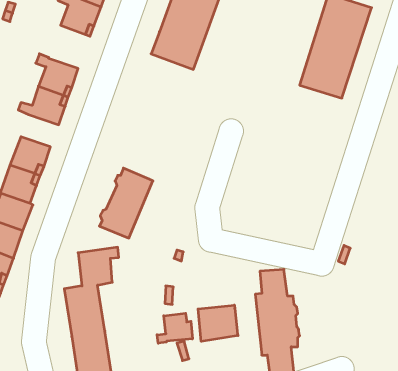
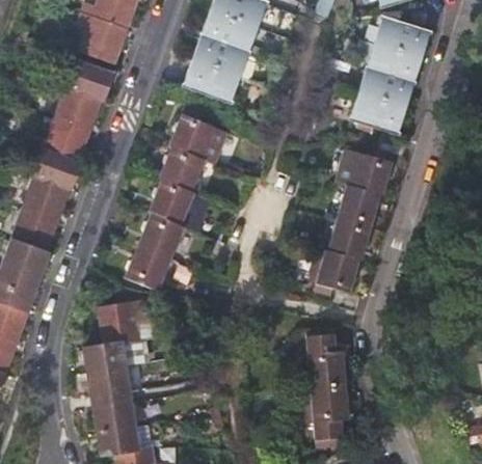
building: none -> [68,62,113,101]
building: none -> [150,106,229,224]
building: none -> [310,147,395,294]
building: none -> [36,152,81,189]
building: [198,305,238,341] -> none
building: [157,313,192,343] -> none

